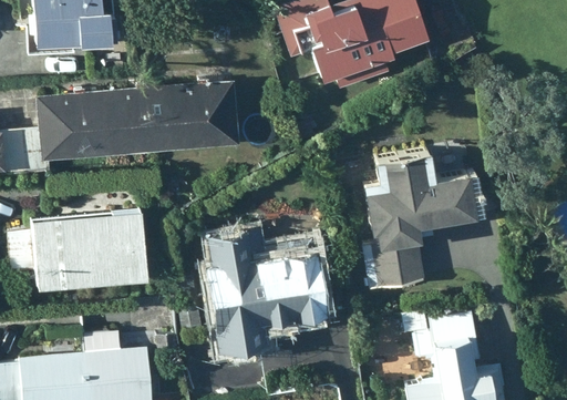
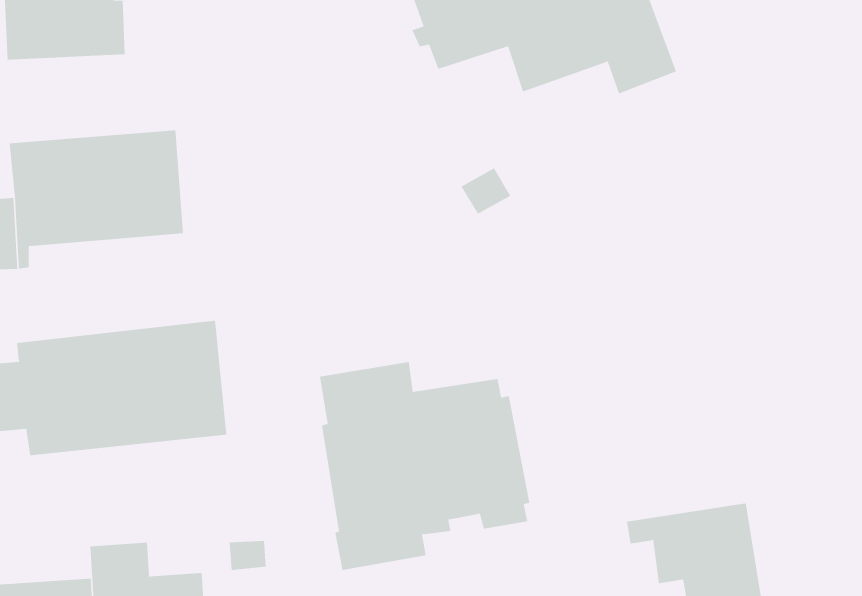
building: [127,83,235,153] -> none
building: [365,147,489,287] -> none

